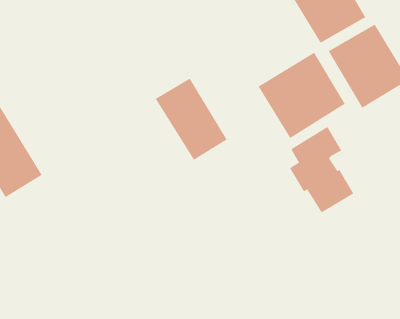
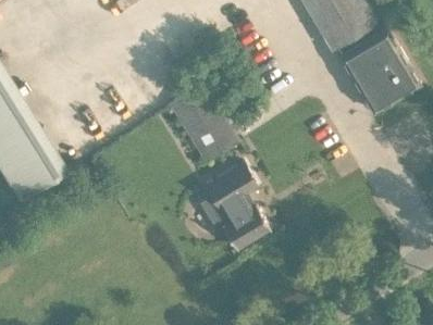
building: [258,52,346,139] -> none
building: [289,126,354,213] -> [207,164,271,250]

